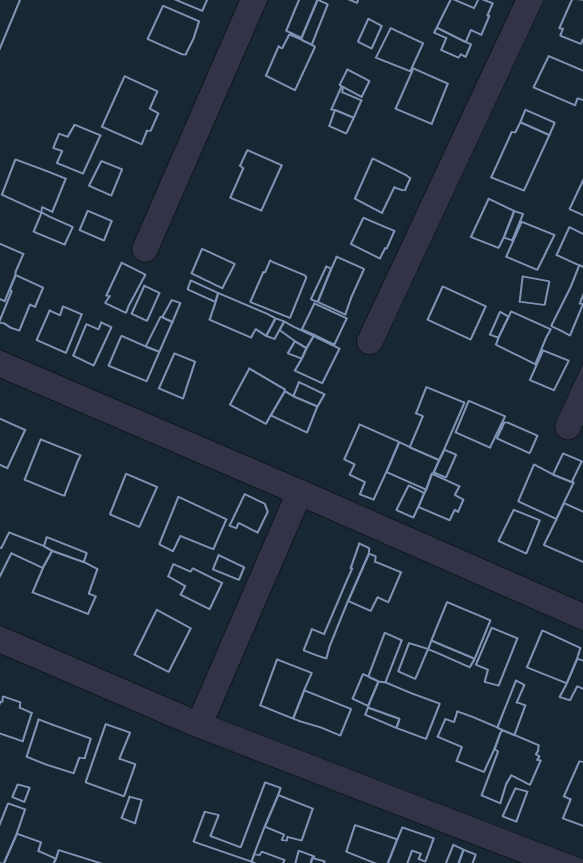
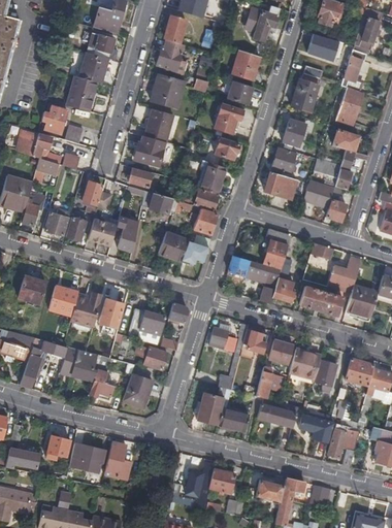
building: [376,28,423,71] -> [227,80,253,103]
building: none -> [79,53,107,82]
building: none -> [151,75,185,108]
building: [506,222,555,270] -> [271,147,297,173]
building: [250,260,306,318] -> [134,135,164,166]
building: [455,401,505,448] -> [299,286,326,310]
building: none -> [72,294,102,322]
building: none -> [209,324,236,353]
building: none -> [90,362,115,397]
building: none -> [268,340,293,363]

